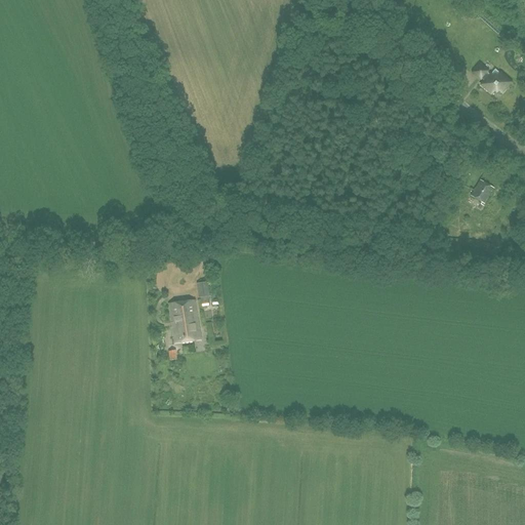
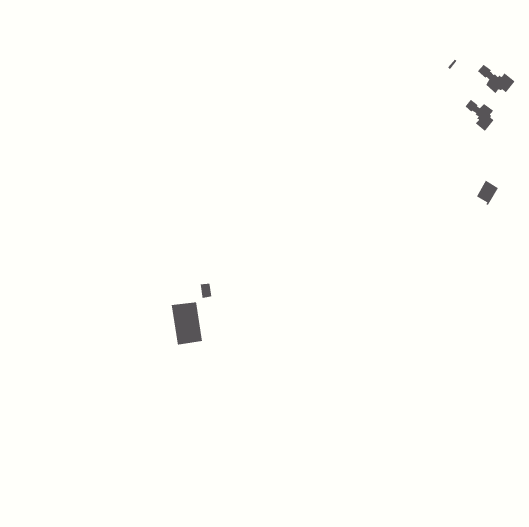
building: none -> [465,99,494,132]

